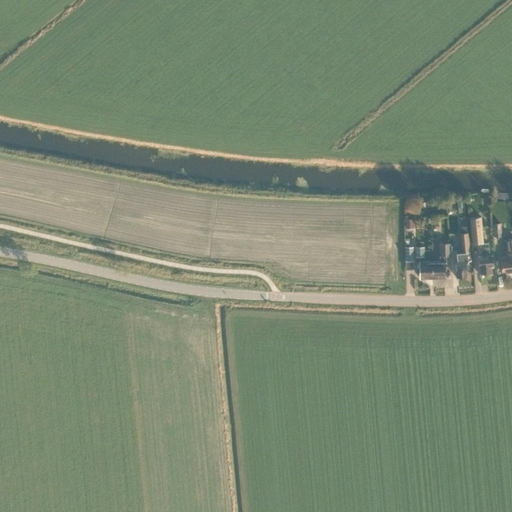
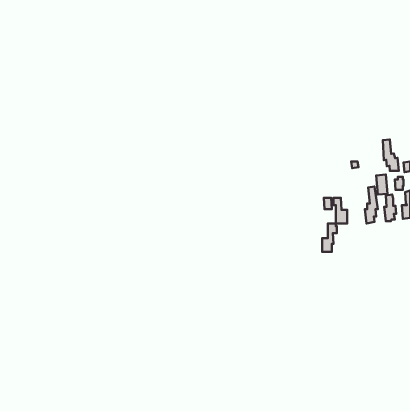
building: none -> [383,140,399,171]
building: [431,243,449,278] -> [322,224,337,252]

